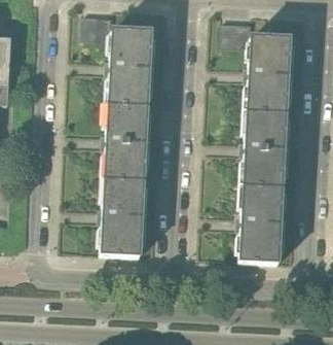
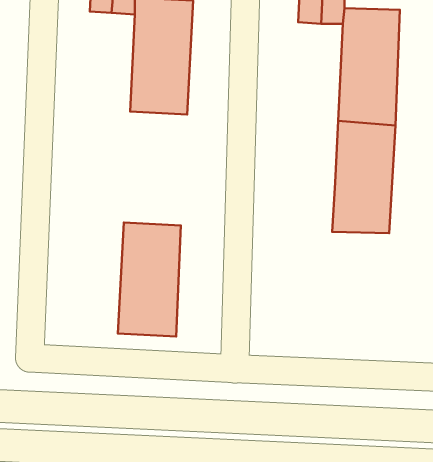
building: [106,103,148,179] -> none
building: [242,183,283,260] -> none

